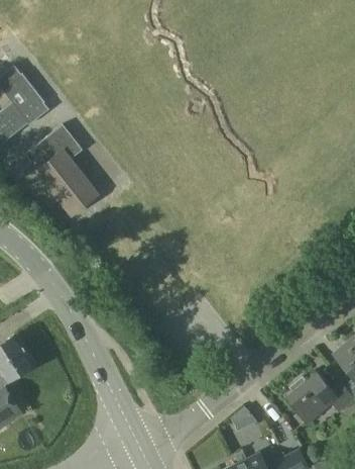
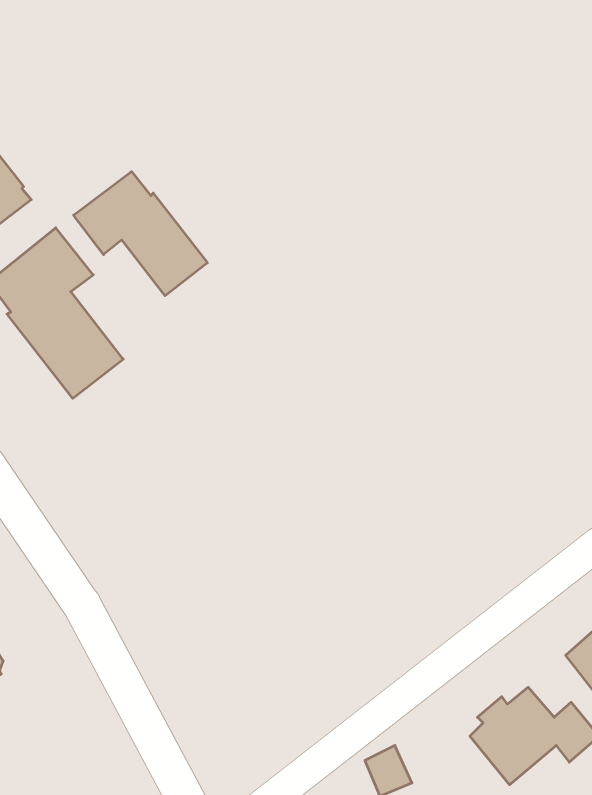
building: none -> [74,172,207,296]

